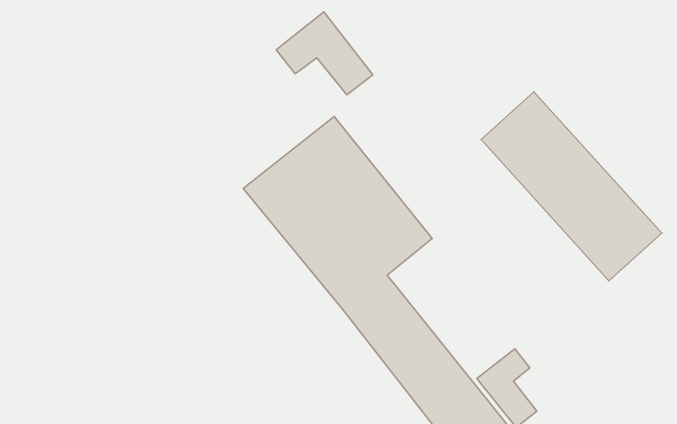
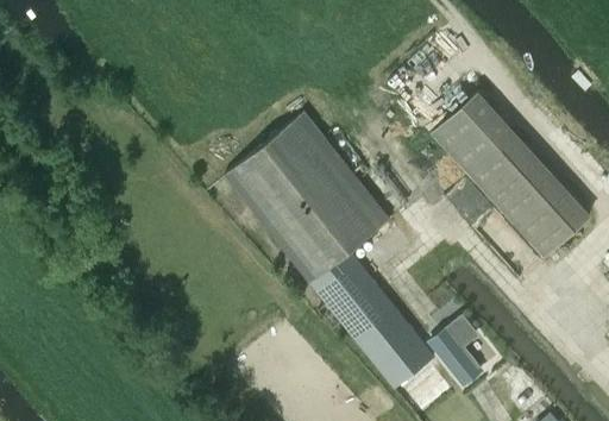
building: [276,12,373,95] -> none

